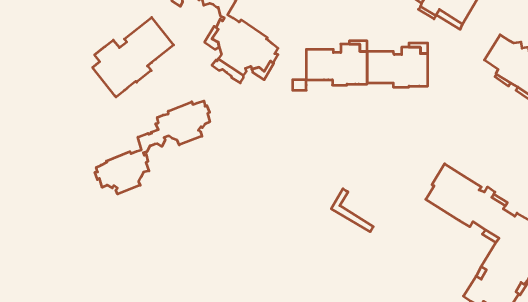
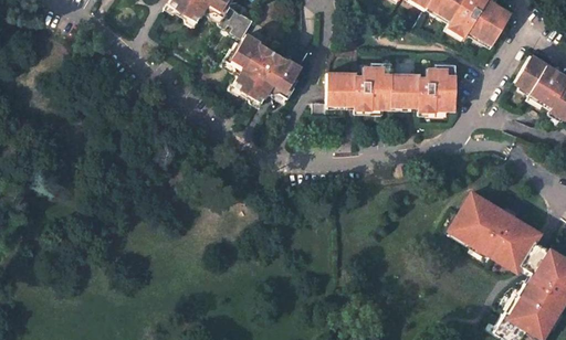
building: [93,17,174,97] -> none
building: [95,101,210,194] -> none
building: [331,189,373,232] -> [444,212,489,257]

